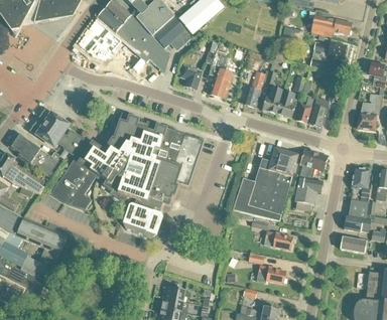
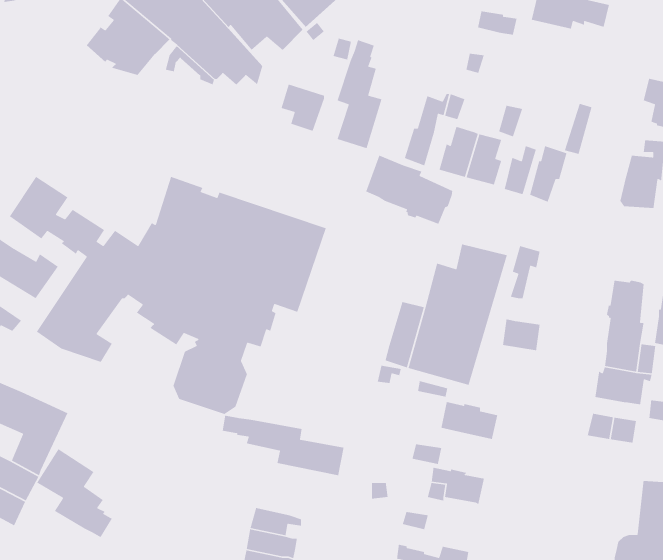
building: [310,41,347,69] -> none
building: none -> [365,154,453,225]
building: [302,152,328,191] -> none
building: none -> [222,415,344,476]
building: none -> [36,448,113,538]

